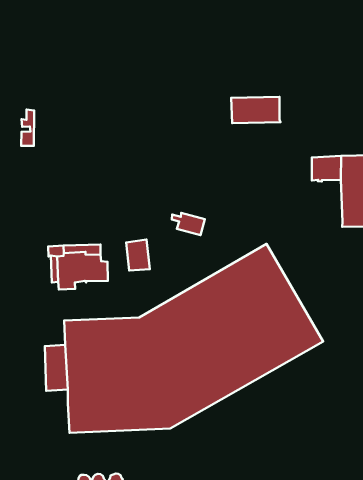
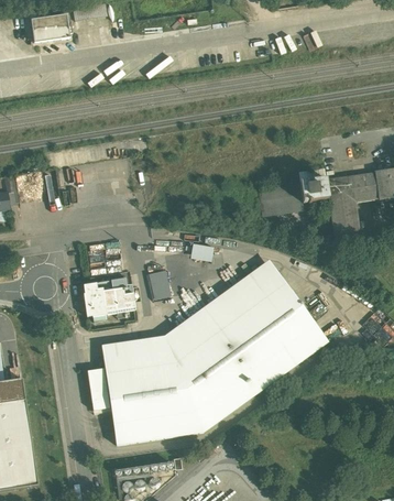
building: [231,97,280,123] -> [259,182,304,209]

